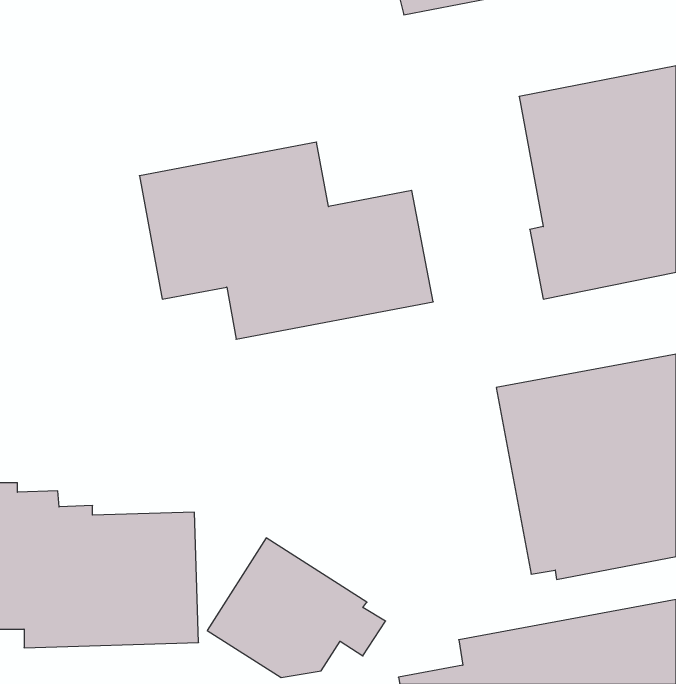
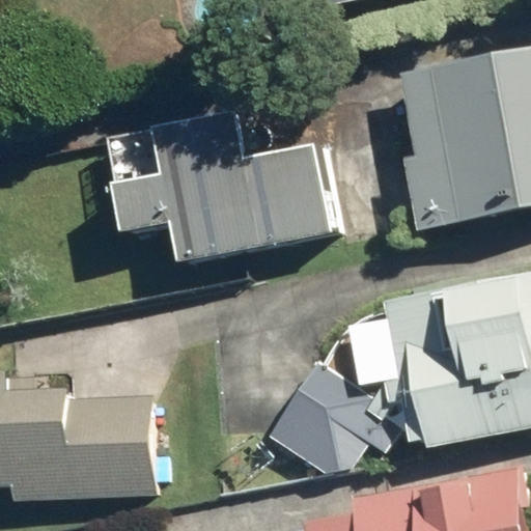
building: [207,538,386,677] -> [266,364,403,472]

